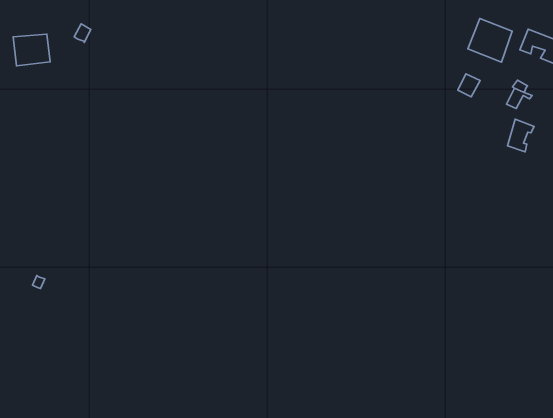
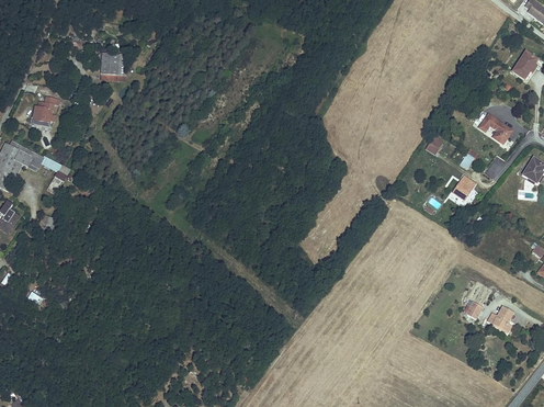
building: [468,19,512,62] -> none

